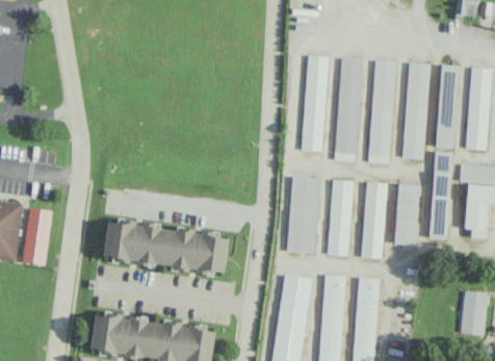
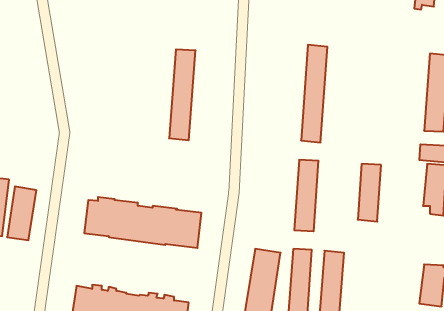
building: [301,55,329,152] -> [169,49,196,140]
building: [368,60,395,163] -> none
building: [402,62,429,159] -> none
building: [435,65,459,148] -> none
building: [428,152,452,239] -> none
building: [286,177,319,253] -> none
building: [361,182,387,259] -> none

